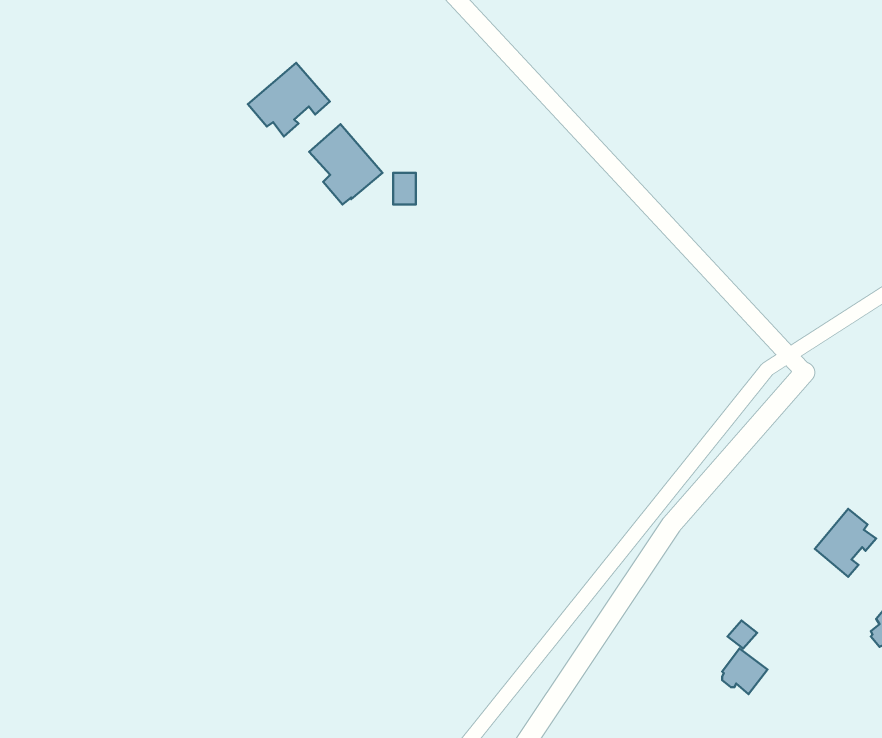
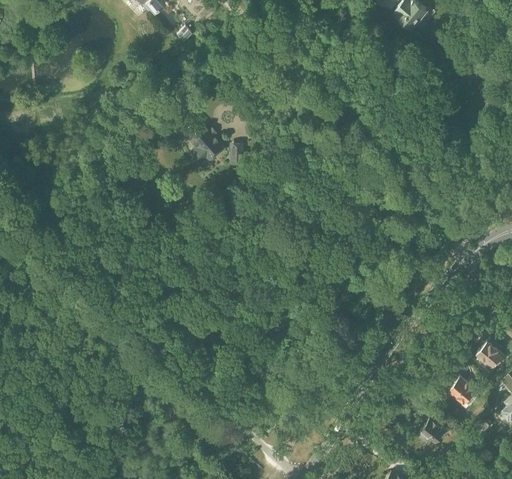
building: [248,63,330,137] -> none
building: none -> [451,377,478,405]

